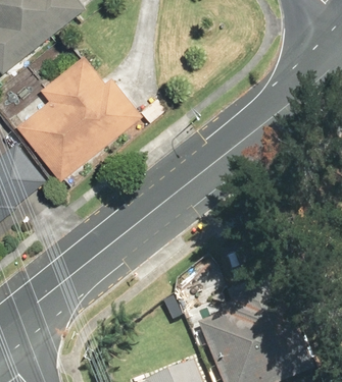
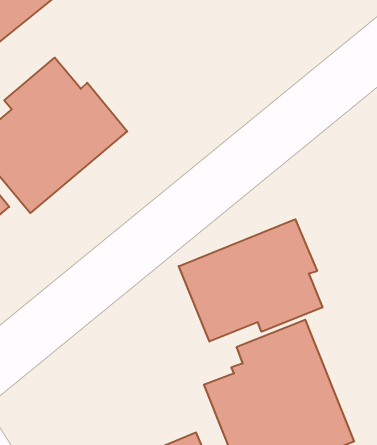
building: none -> [179,219,322,342]

